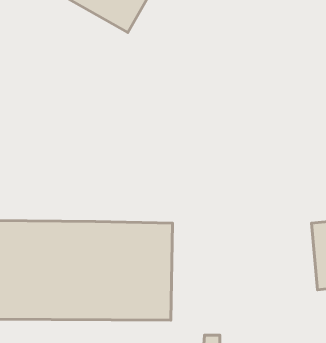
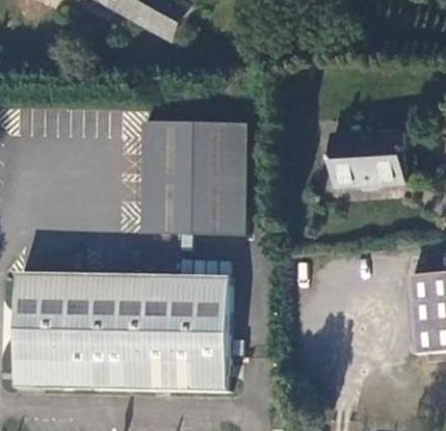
building: none -> [140,122,245,236]
building: none -> [327,126,406,189]

